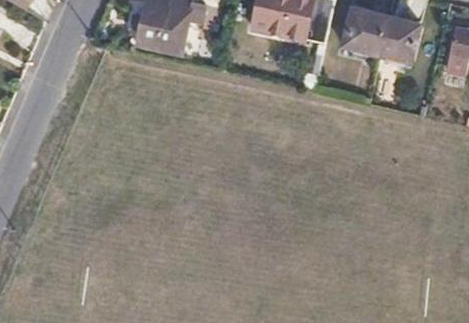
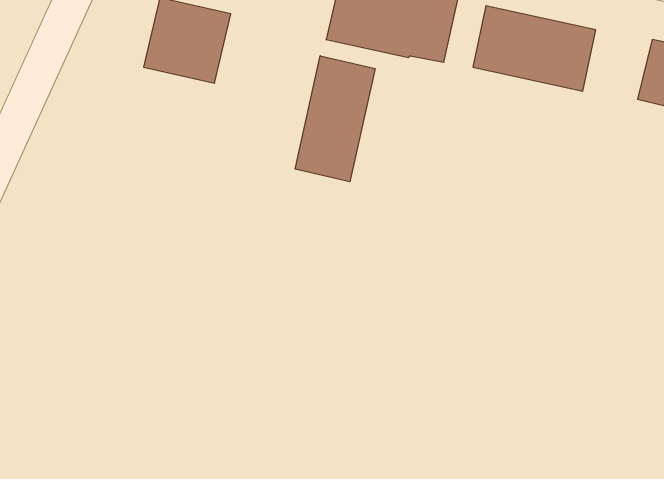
building: none -> [295,56,375,182]

